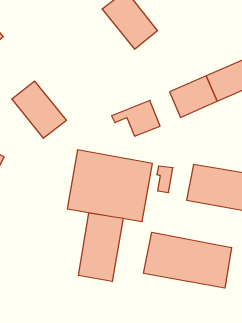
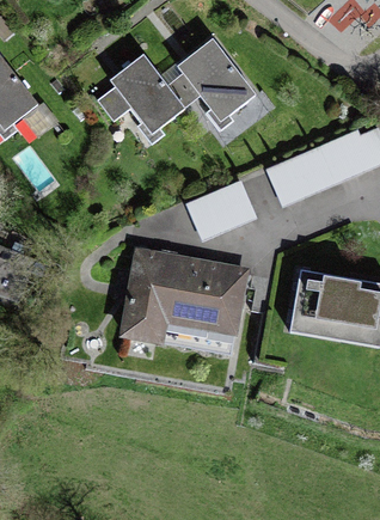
building: [12,81,66,138] -> [108,53,184,133]
building: [79,213,123,282] -> none
building: [144,232,232,288] -> none

